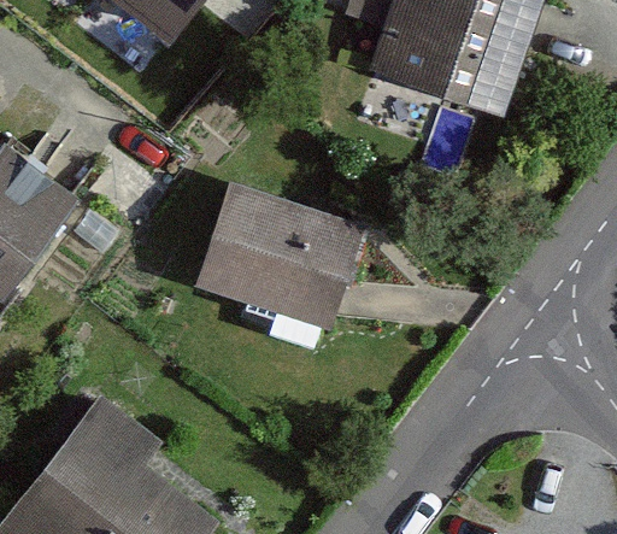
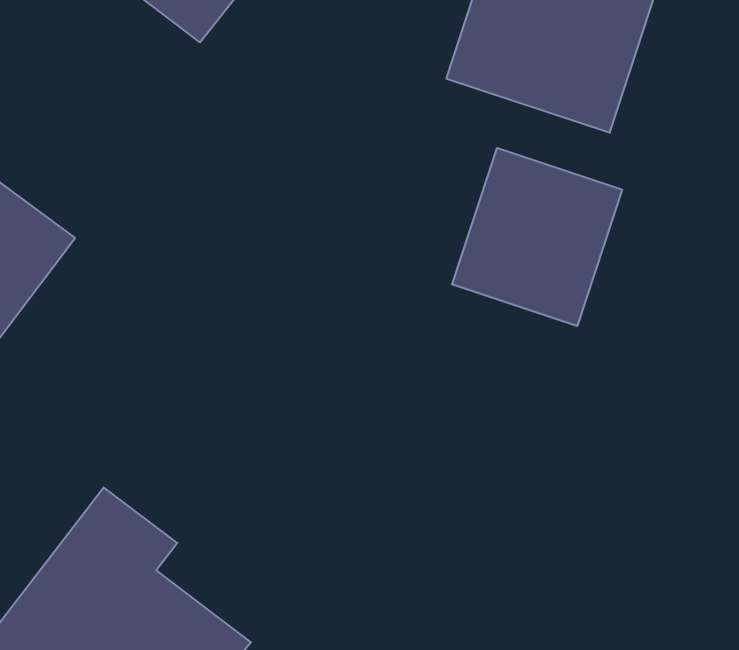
building: none -> [452,148,622,326]
building: [200,186,357,323] -> none

